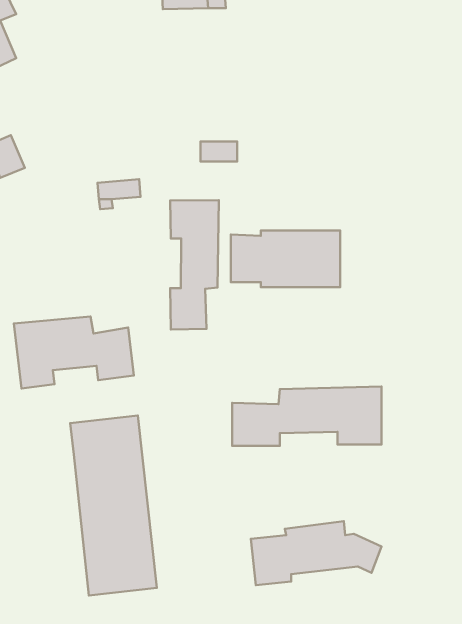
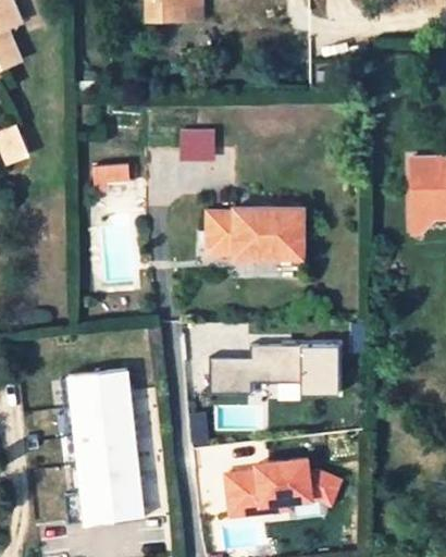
building: [170,200,219,329] -> none
building: [14,317,134,388] -> none

